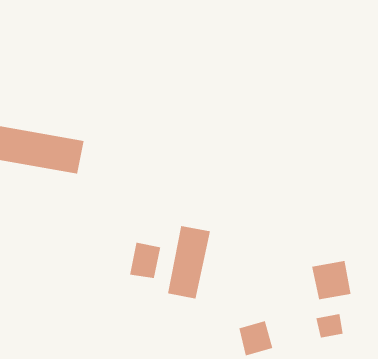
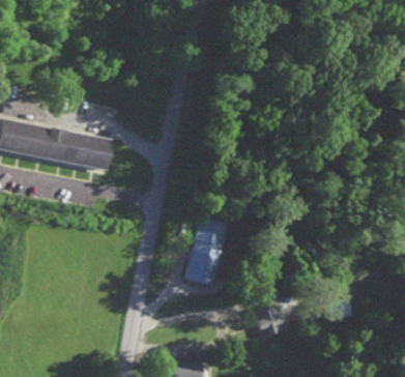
building: [129,242,161,279] -> none
building: [311,260,351,300] -> none

